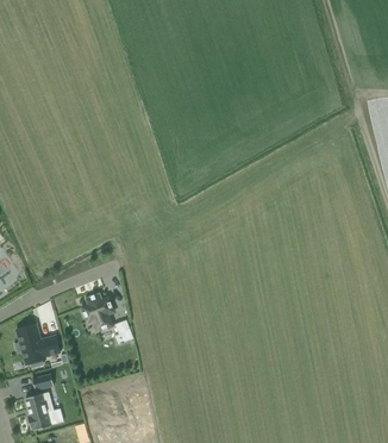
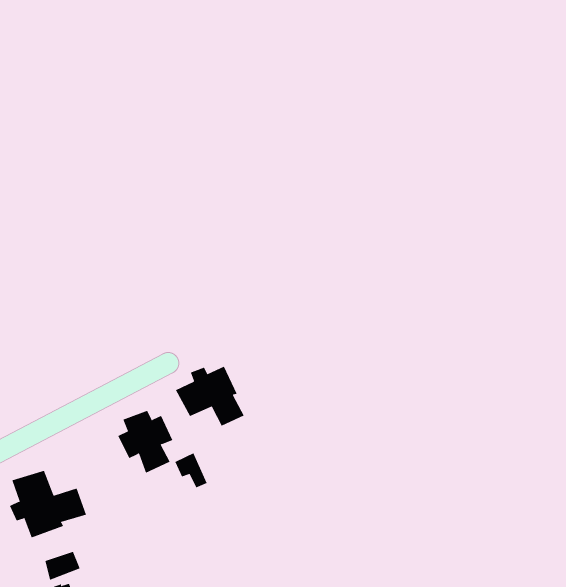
building: none -> [175,366,245,427]

